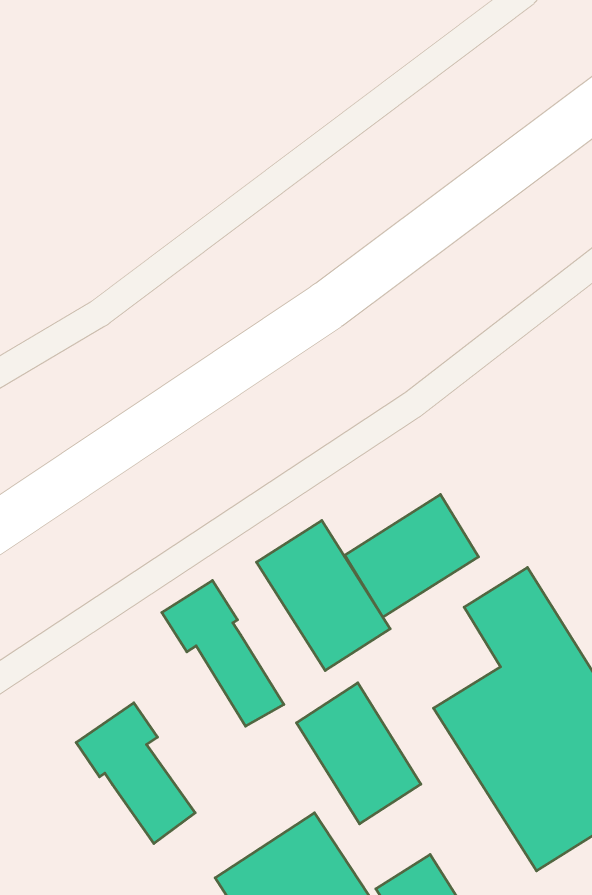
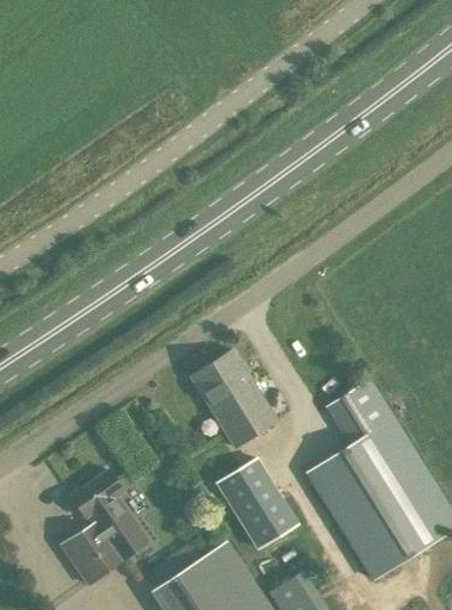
building: [345,495,478,617] -> none
building: [162,581,284,726] -> none
building: none -> [62,523,122,585]

